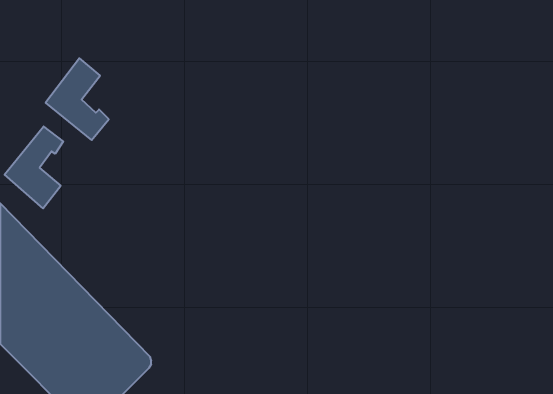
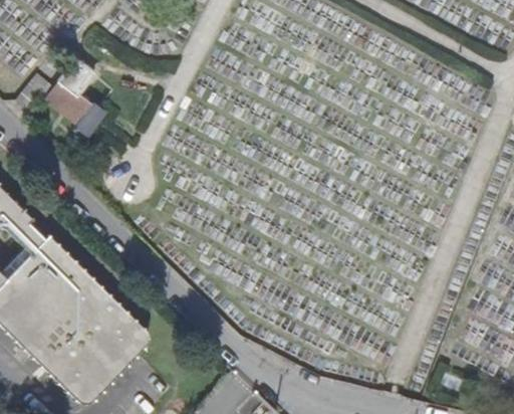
building: [5,126,63,208] -> none

